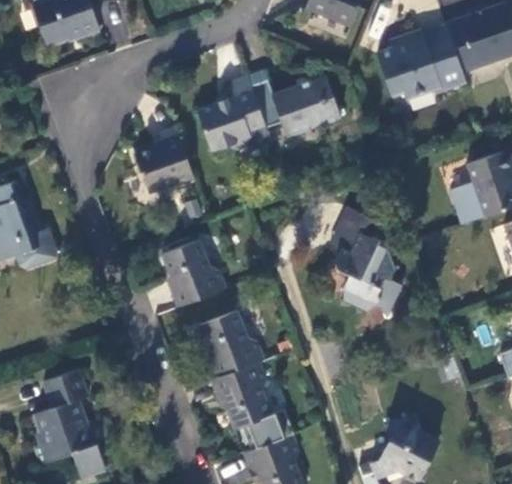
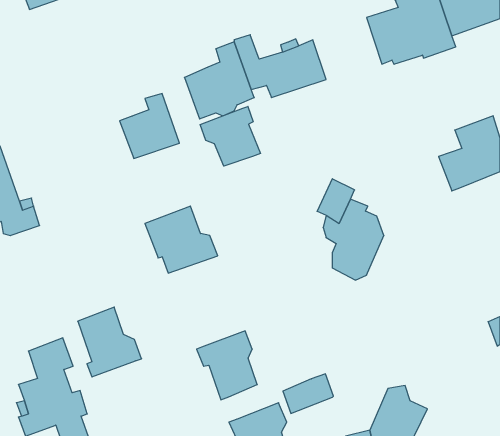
building: none -> [200,106,261,166]
building: [201,310,264,379] -> [78,307,142,377]
building: [242,411,292,450] -> [283,374,333,413]

